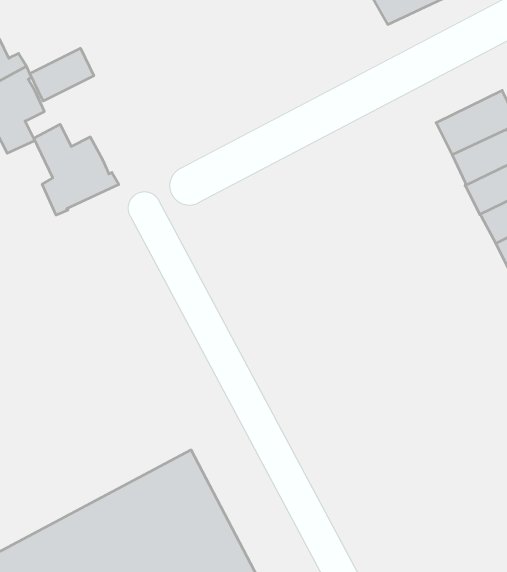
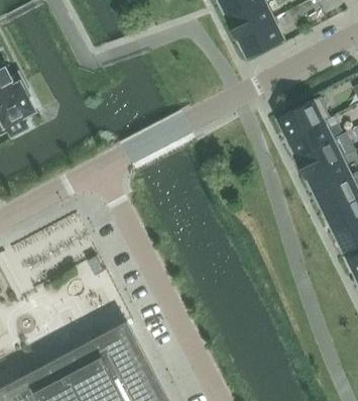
building: [30,48,94,101] -> none
building: [34,124,119,215] -> none

